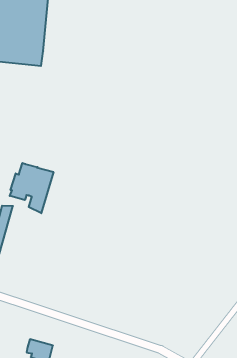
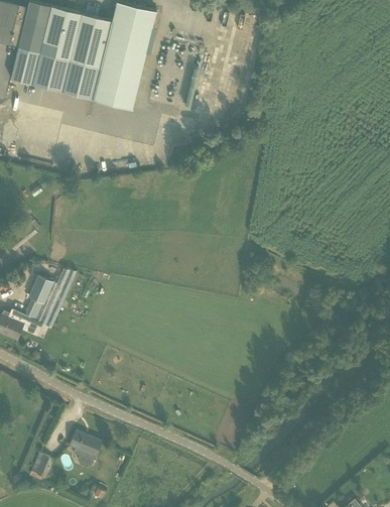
building: [10,163,53,213] -> none

